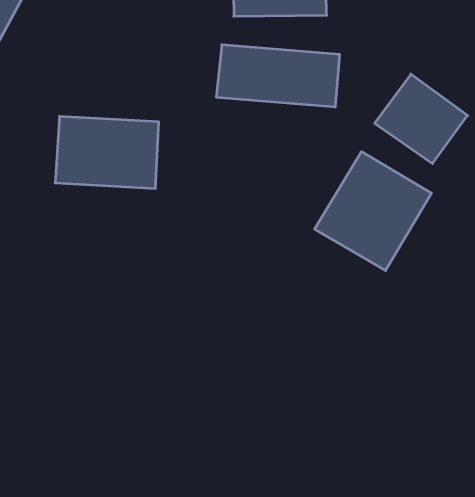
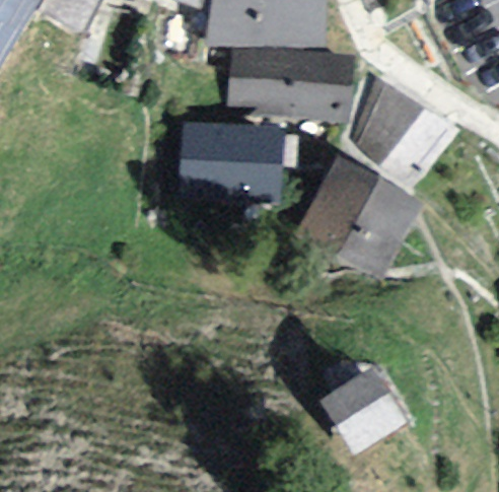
building: [55,116,159,188] -> [186,126,282,193]
building: none -> [316,364,401,444]

